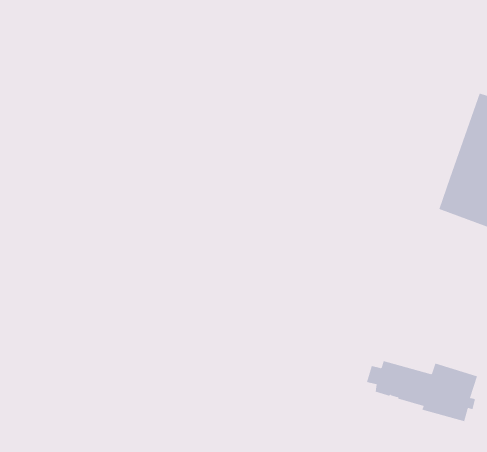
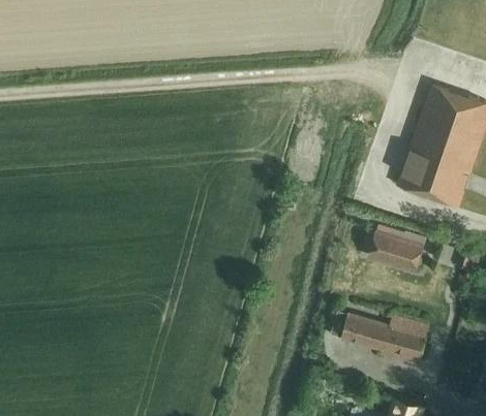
building: none -> [370,230,424,271]

